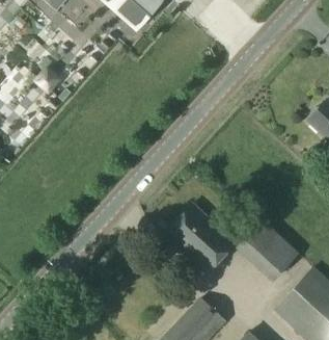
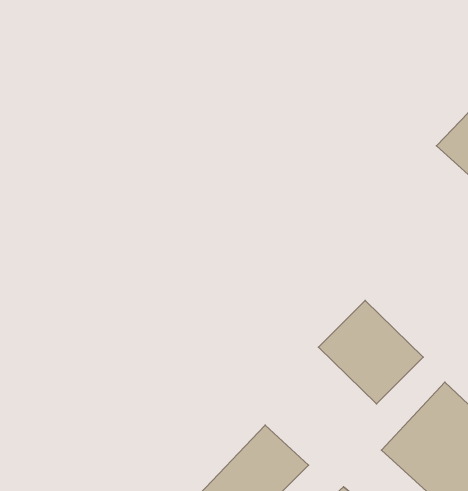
building: [165,205,236,274] -> none

